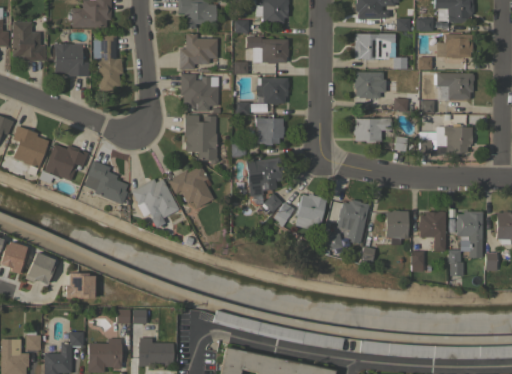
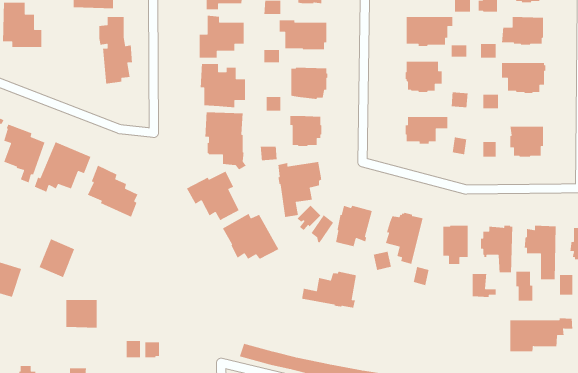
building: [55,43,91,76] -> none
building: [131,178,180,218] -> [222,213,280,260]
building: none -> [301,271,357,308]
building: [25,252,56,286] -> [39,238,75,278]
building: none -> [510,317,573,352]

